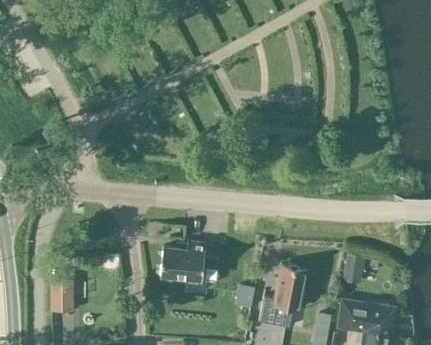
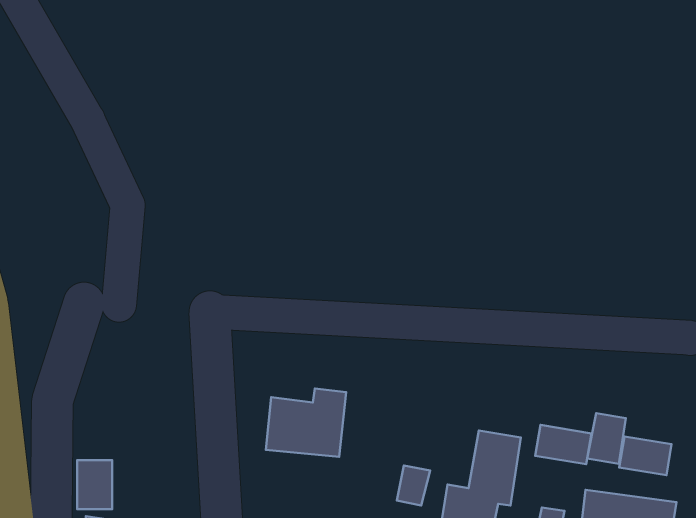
building: none -> [535,425,591,464]
building: none -> [619,436,672,475]

